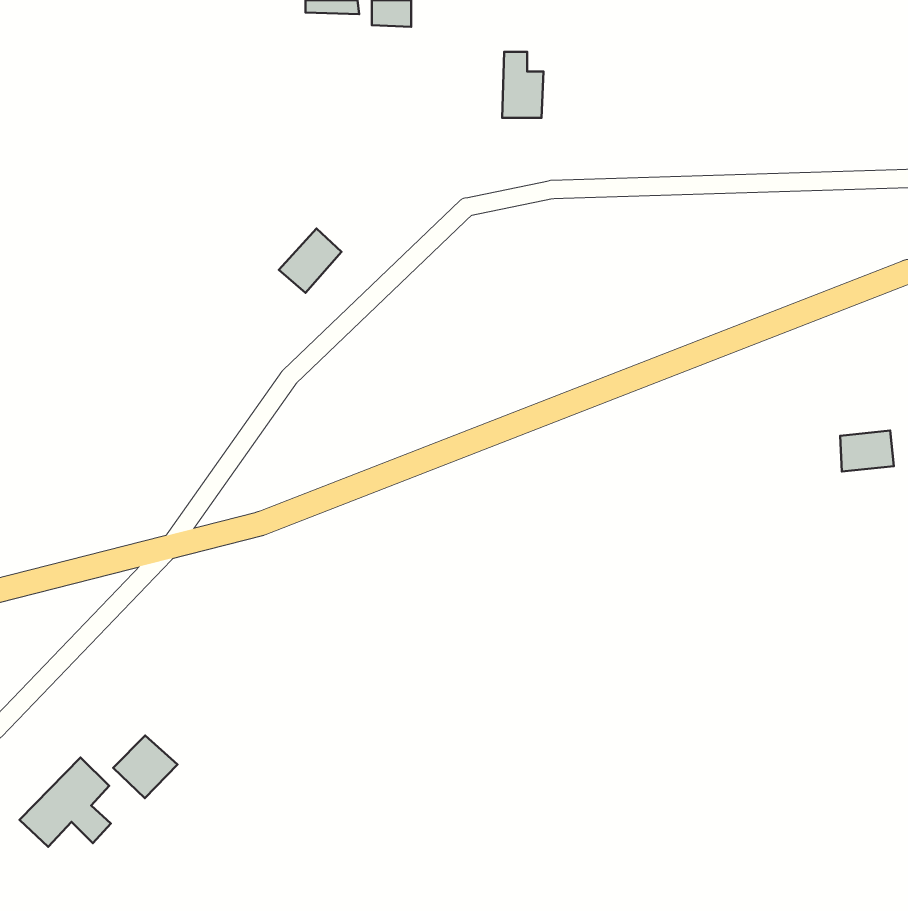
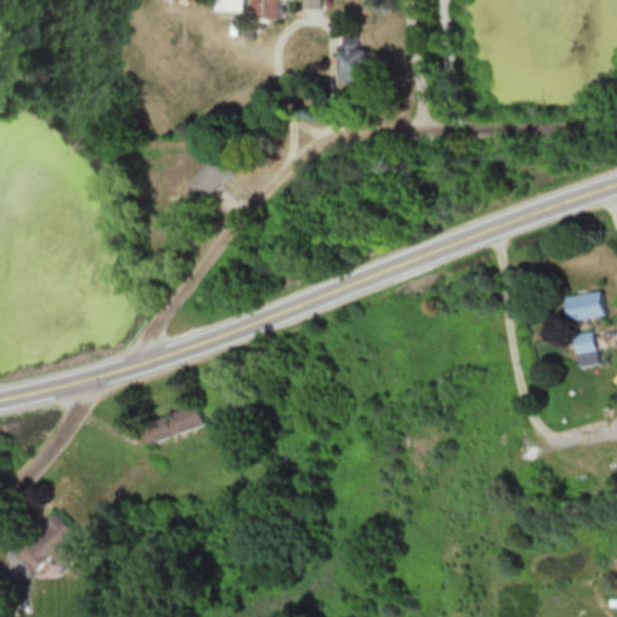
building: none -> [571,331,597,368]
building: none -> [140,404,201,442]
building: [113,735,178,798] -> none

